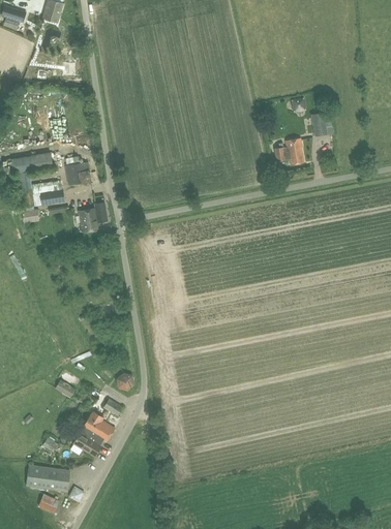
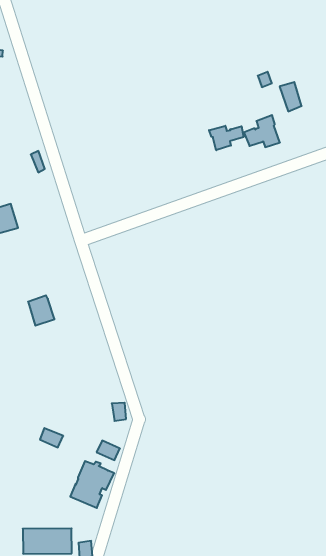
building: none -> [209,126,244,150]
building: [64,162,91,185] -> none
building: [79,207,99,231] -> [28,295,55,326]

